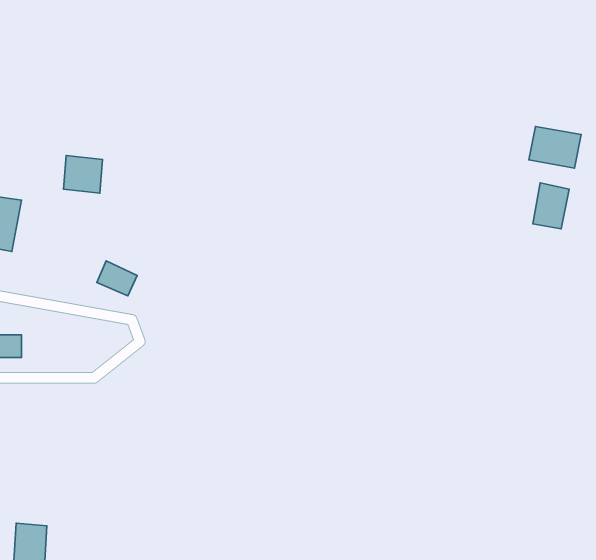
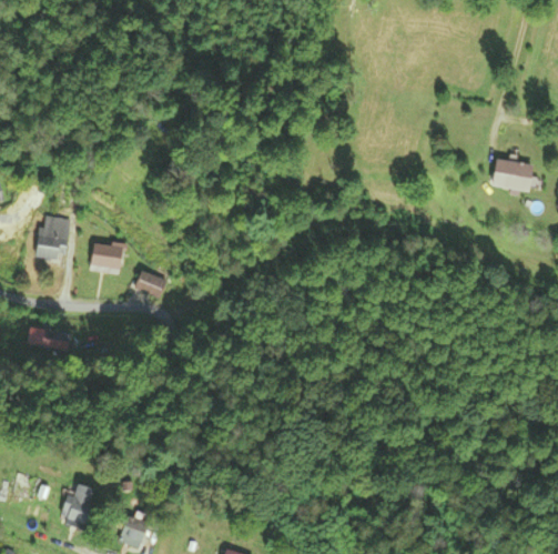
building: [63,156,102,193] -> [91,241,123,272]
building: [533,183,569,229] -> none

